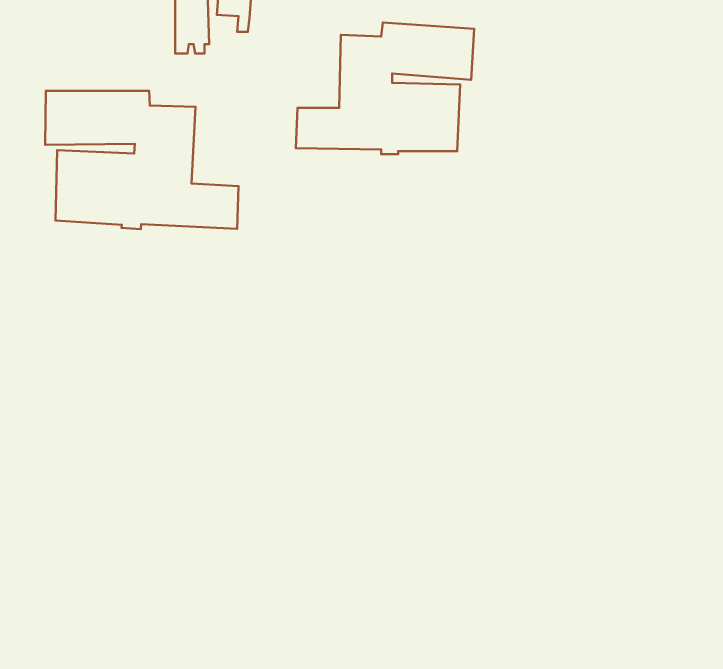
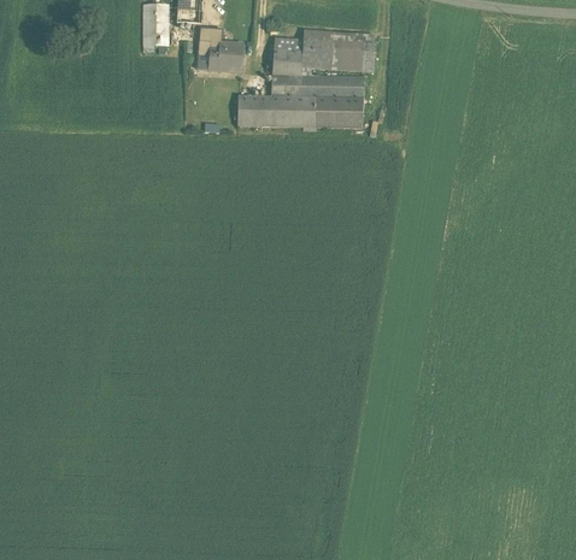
building: none -> [198,40,243,72]
building: [45,91,239,229] -> none

